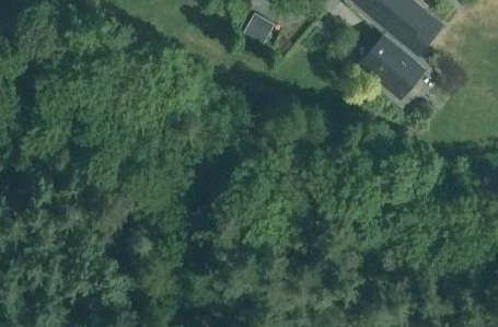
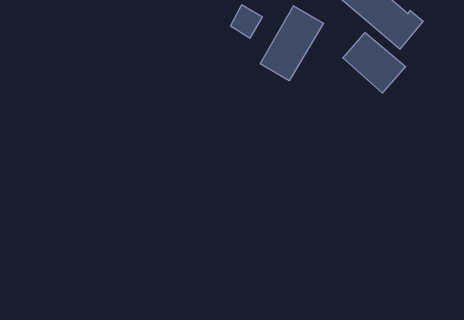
building: none -> [260,6,324,81]

